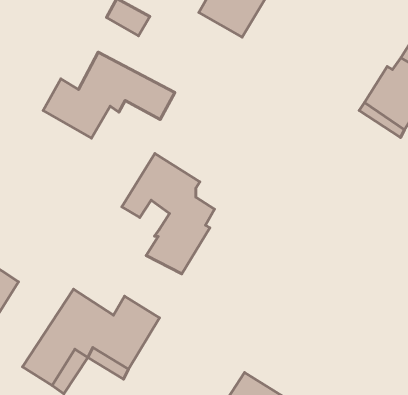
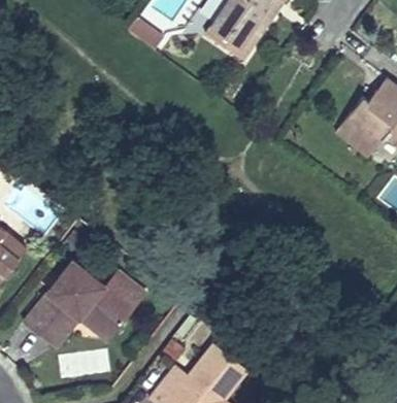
building: [43,52,175,138] -> none
building: [122,153,214,274] -> none

